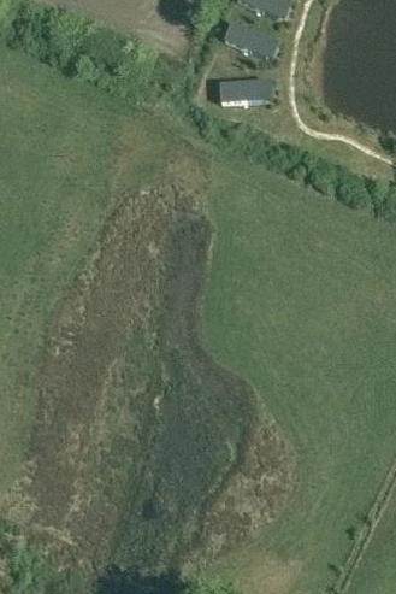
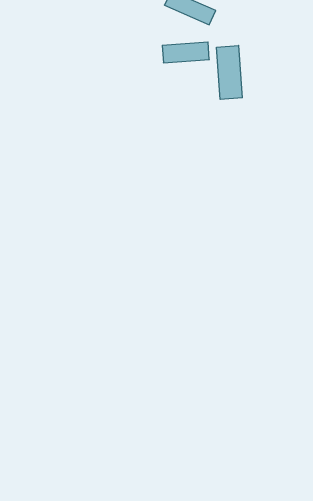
building: none -> [217,45,242,99]

